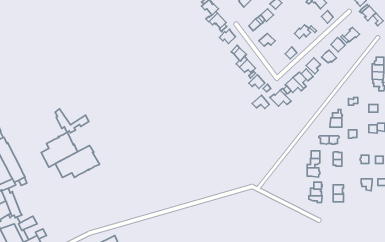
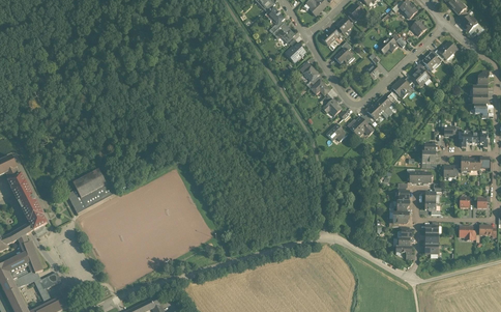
building: [55,109,89,133] -> none
building: [55,146,99,177] -> none

